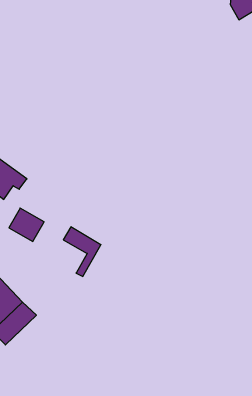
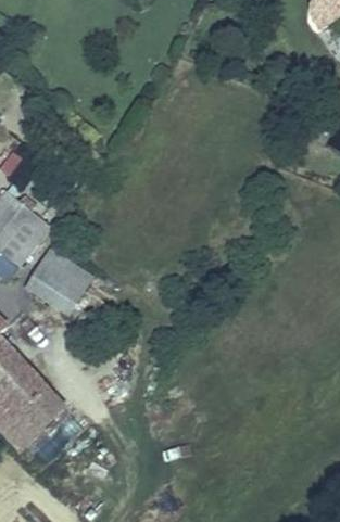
building: [63,227,101,276] -> [42,251,90,314]

